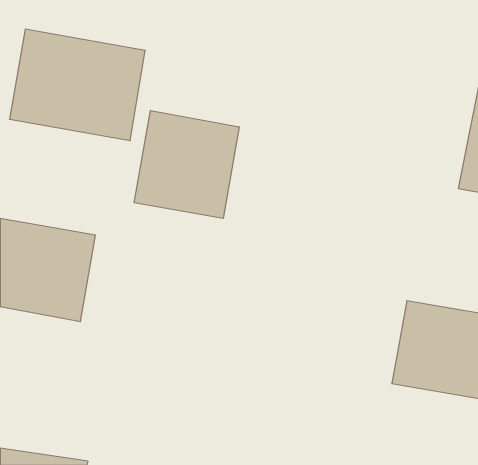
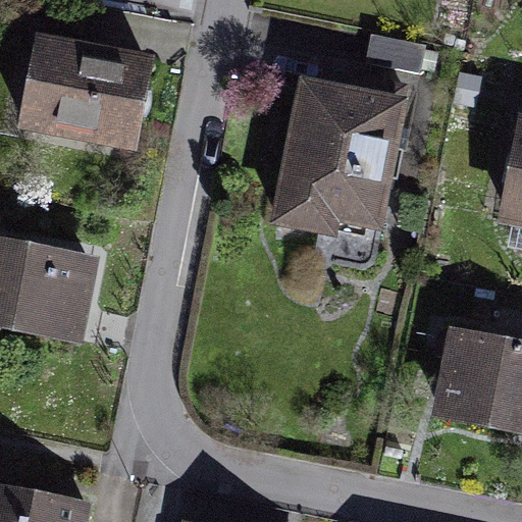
building: none -> [268,74,412,241]
building: [134,110,239,218] -> none

